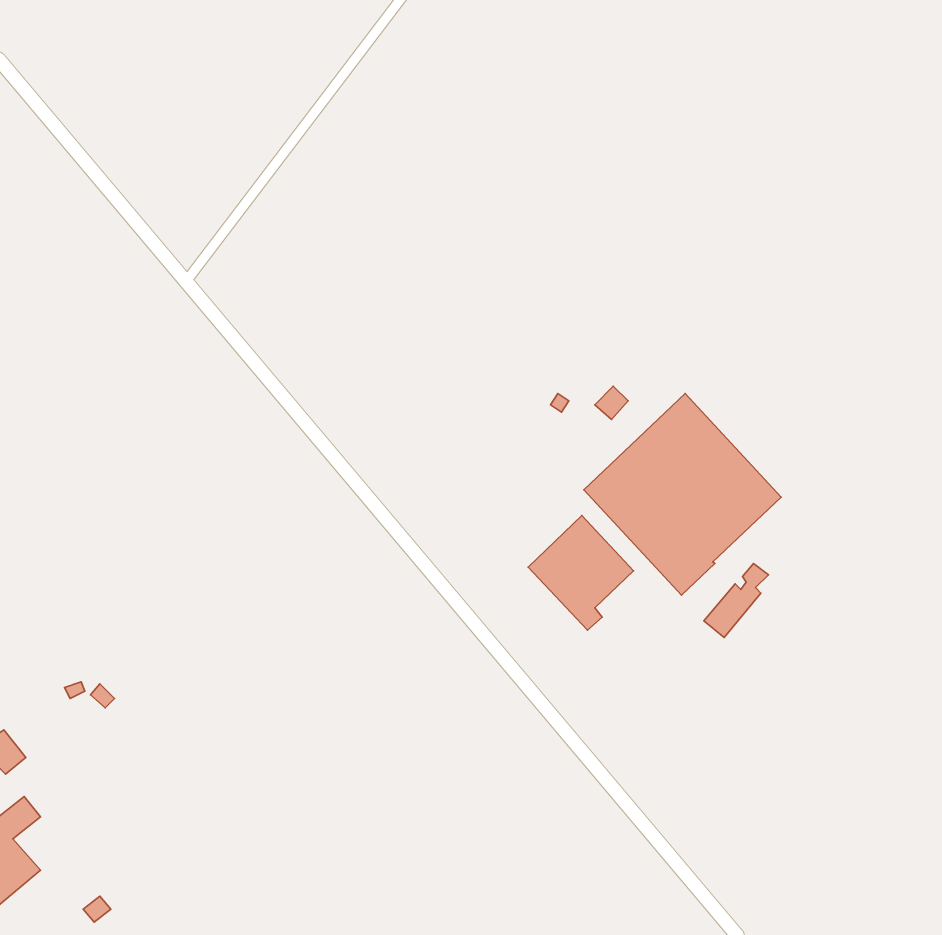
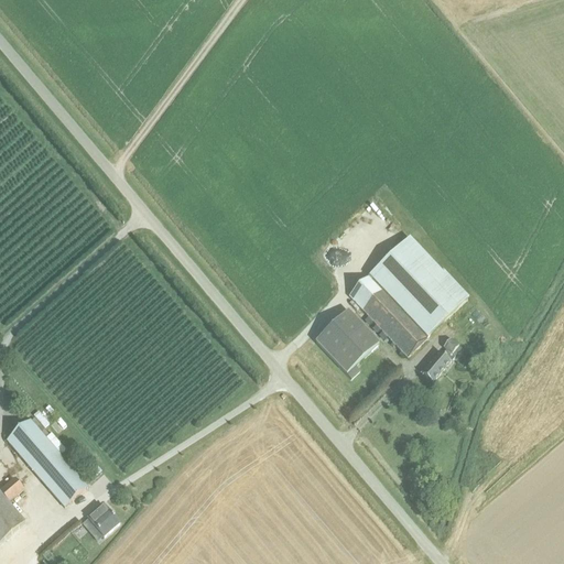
building: none -> [7,414,87,503]
building: none -> [82,502,119,539]

